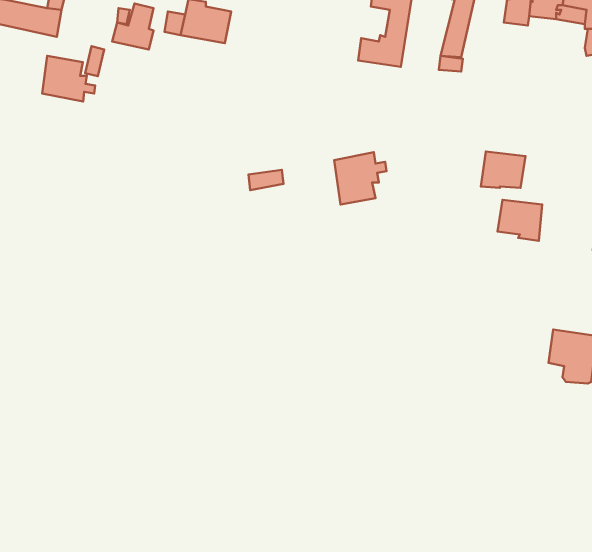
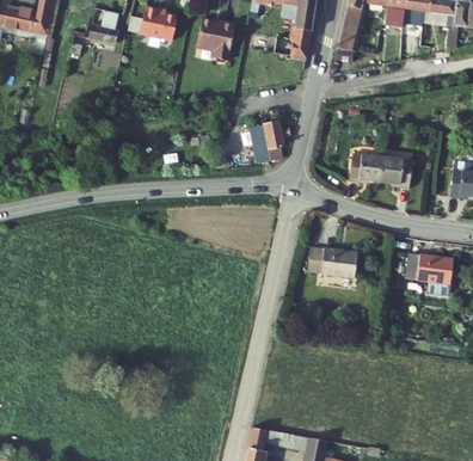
building: none -> [201,21,238,64]
building: [42,56,95,101] -> none
building: [481,152,525,188] -> [349,153,382,180]
building: none -> [307,245,358,276]

